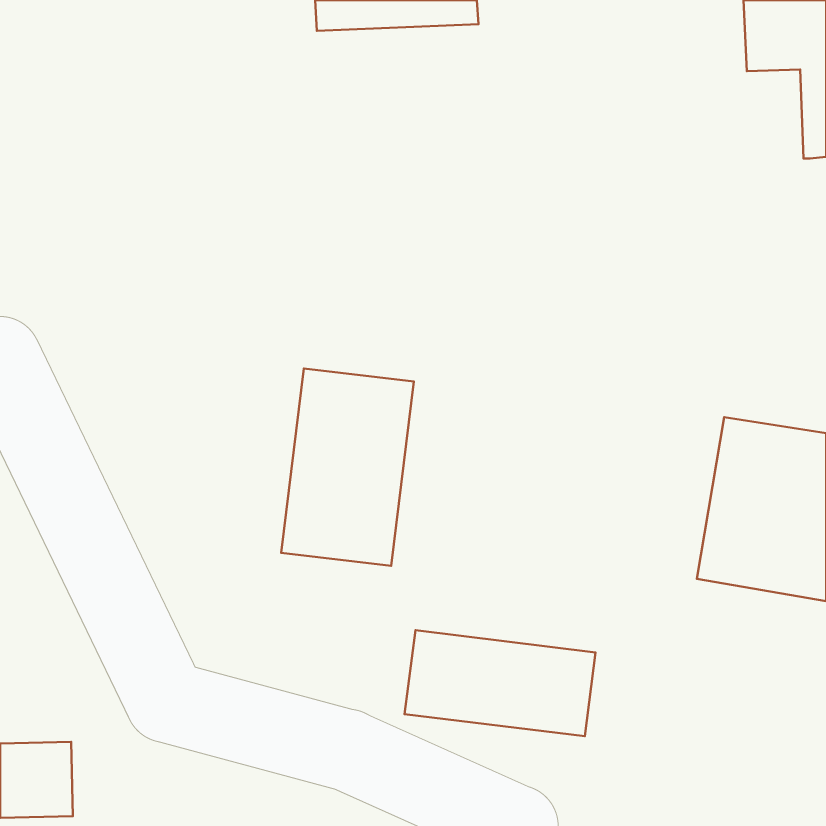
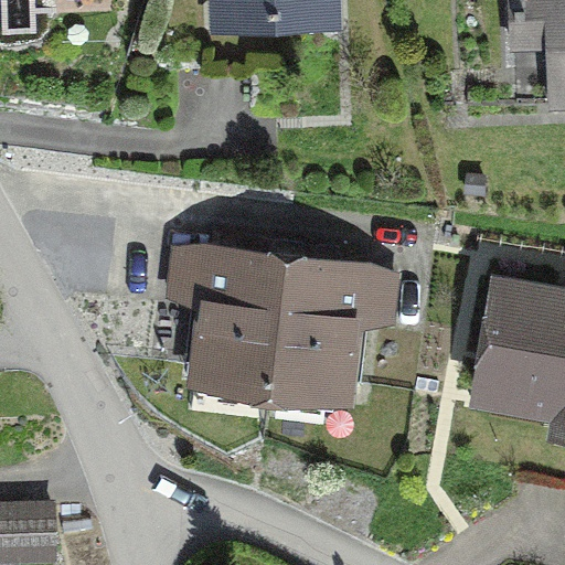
building: none -> [267,260,358,395]
building: [405,630,596,736] -> none

